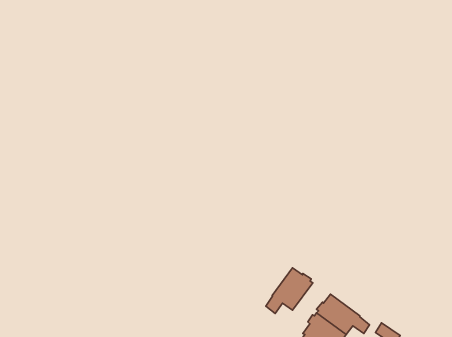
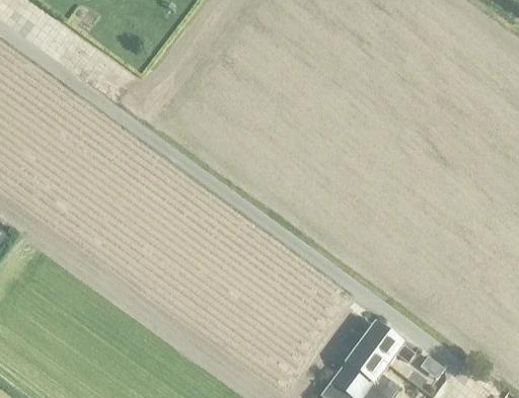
building: [266,268,313,313] -> none

